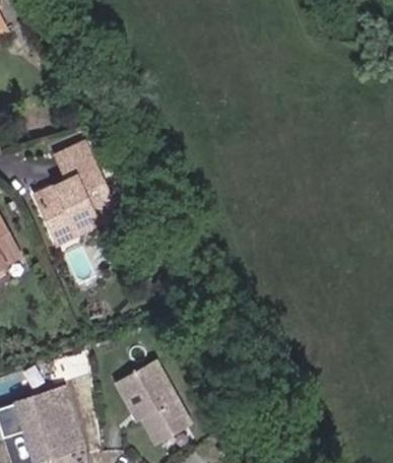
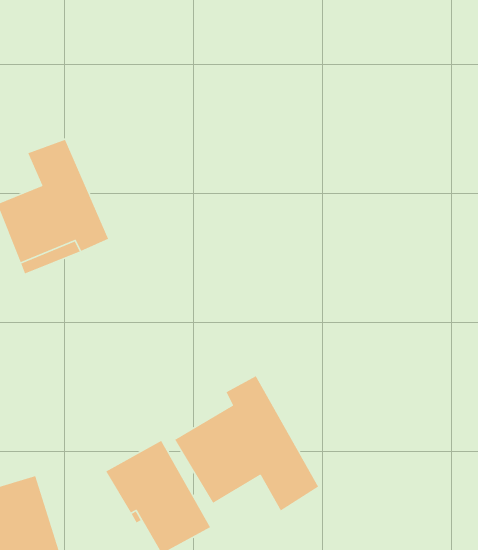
building: none -> [174,375,319,512]

